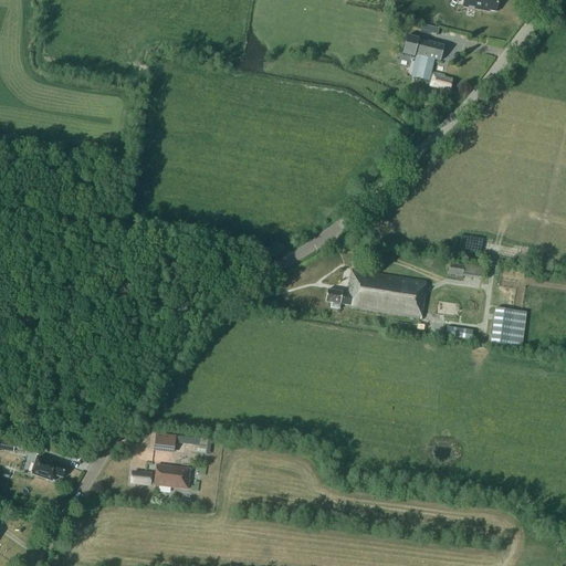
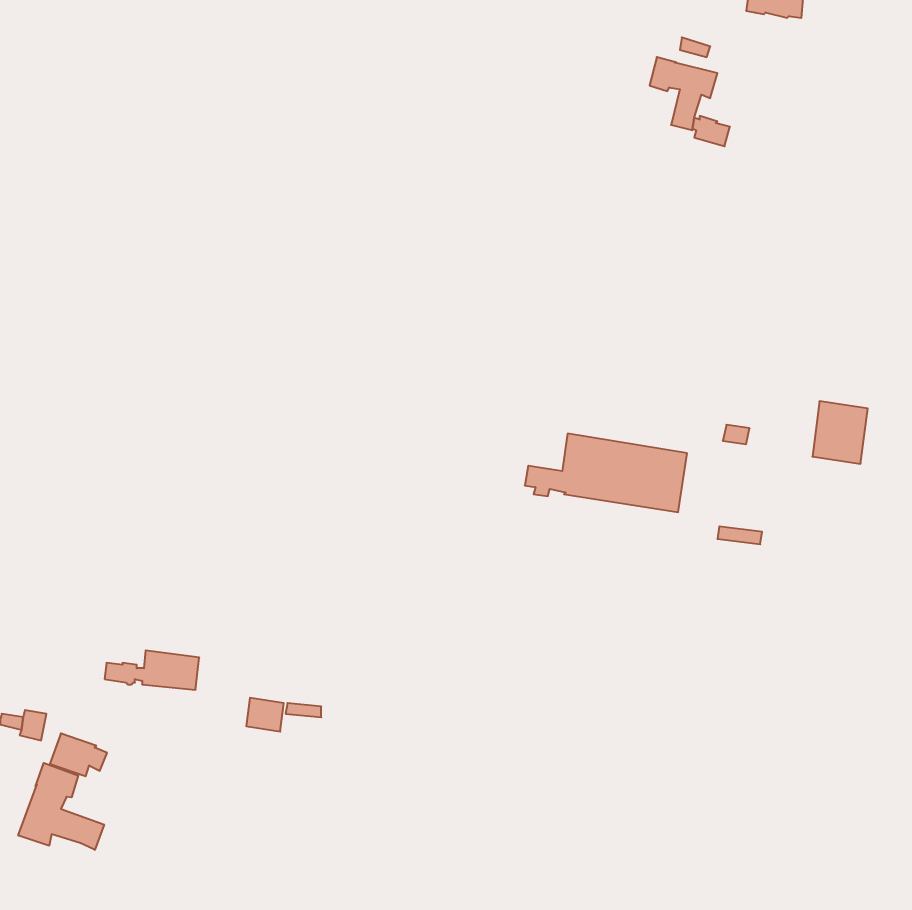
building: [491,306,525,345] -> [812,401,868,464]
building: [130,464,189,489] -> [105,650,199,690]
building: none -> [18,763,104,850]

